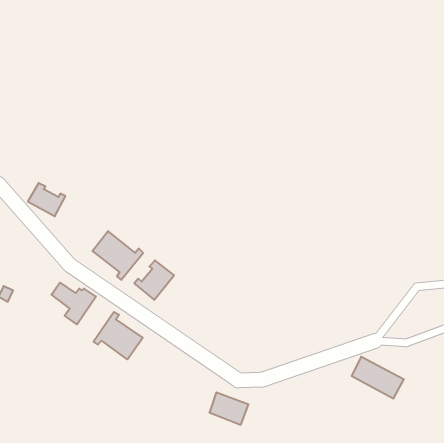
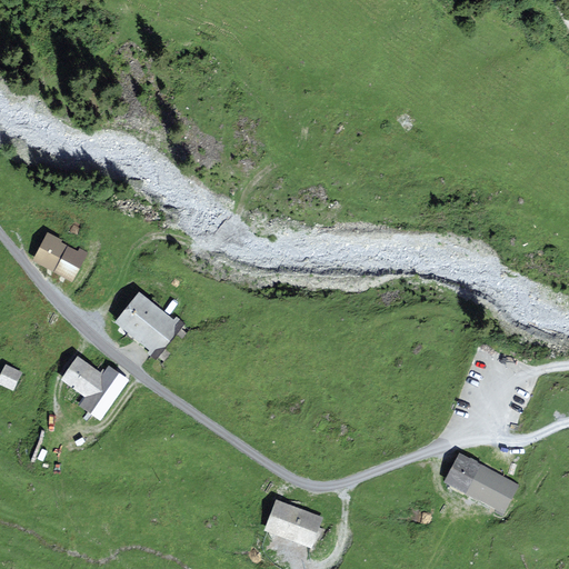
building: [134,260,174,300] -> none
building: [94,312,143,359] -> none

